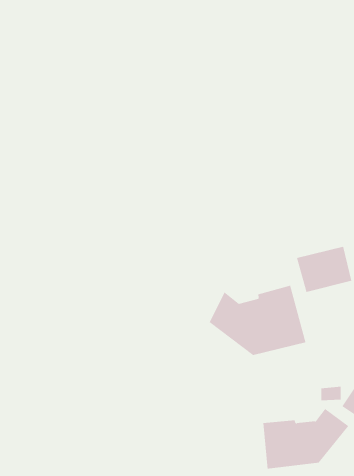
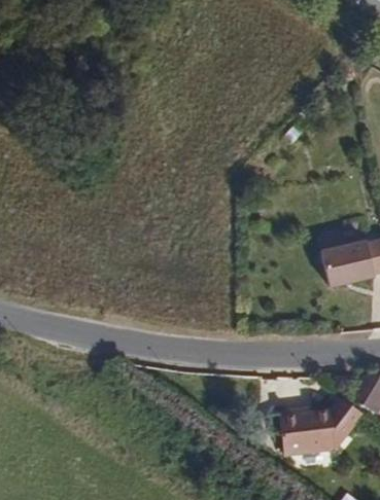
building: [209,285,306,356] -> none

